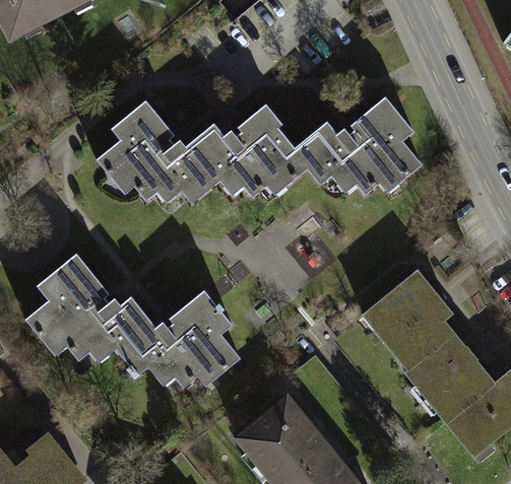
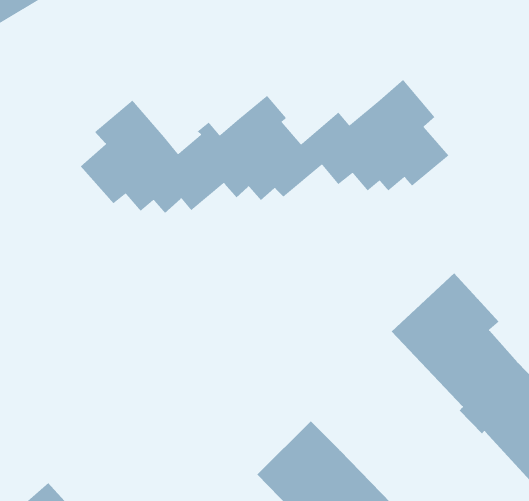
building: [24,256,240,394] -> none

